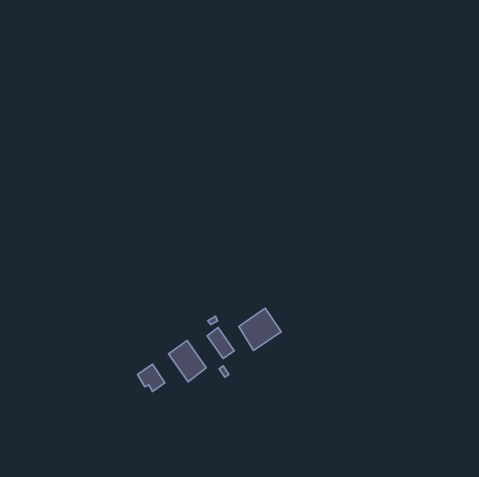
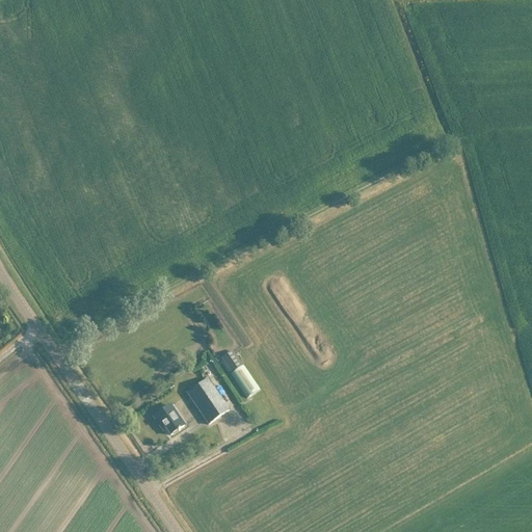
building: [239,308,281,351] -> none

